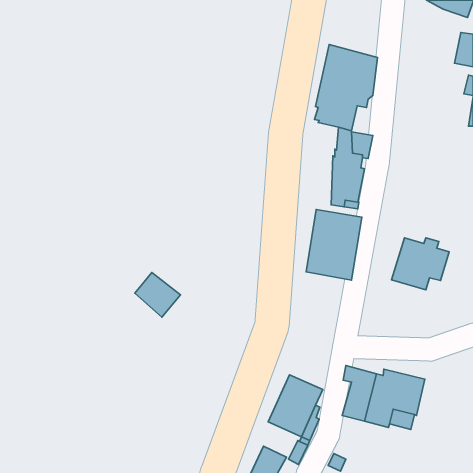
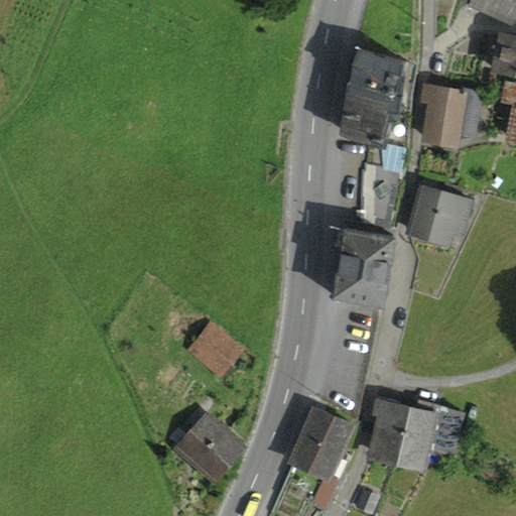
building: none -> [423,86,480,142]
building: [391,238,449,290] -> [408,185,471,242]
building: [135,273,180,317] -> [189,326,239,374]
building: none -> [169,416,241,479]

